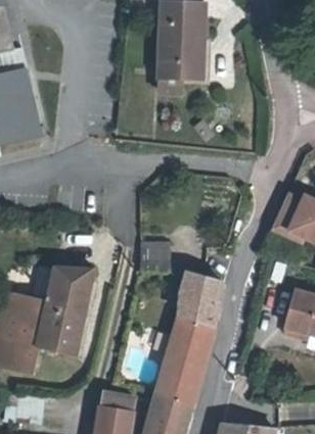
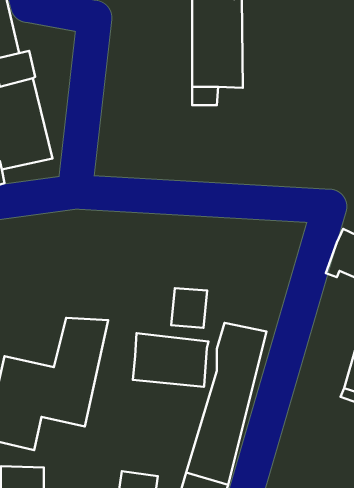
building: none -> [133,333,209,387]

